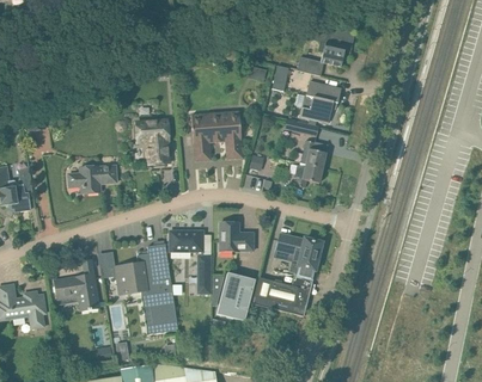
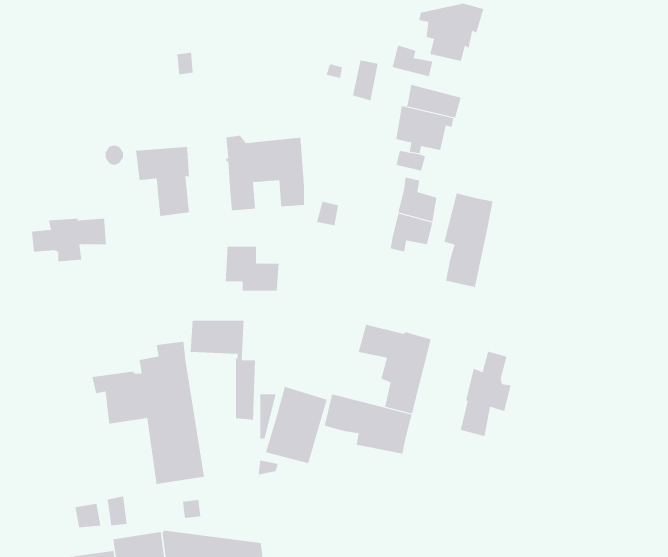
building: none -> [444,193,493,288]
building: [219,222,254,251] -> [225,246,280,291]
building: none -> [460,351,511,437]
building: [54,273,99,312] -> none

